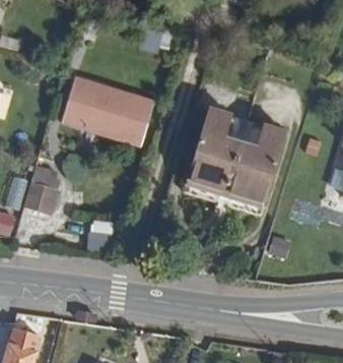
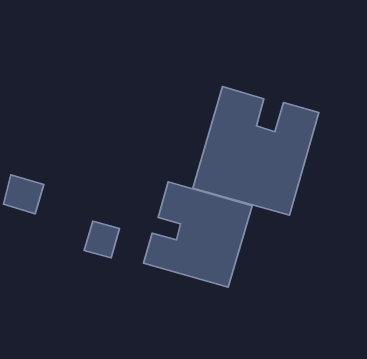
building: [63,80,149,142] -> none
building: none -> [143,182,252,287]

